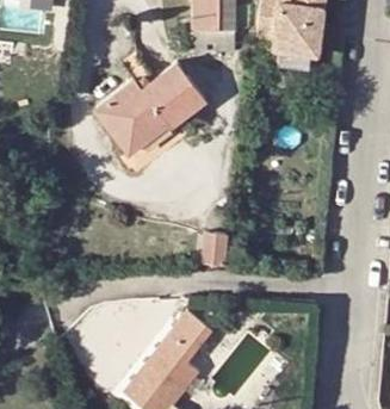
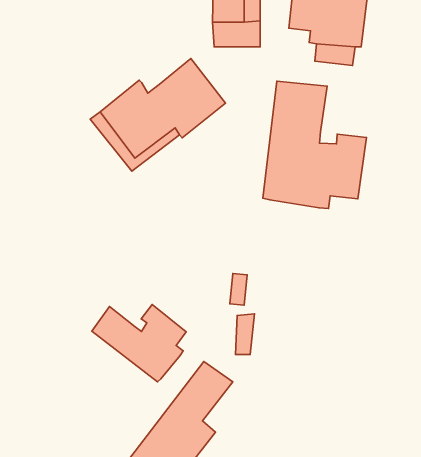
building: none -> [263,81,367,209]
building: none -> [92,305,186,382]

